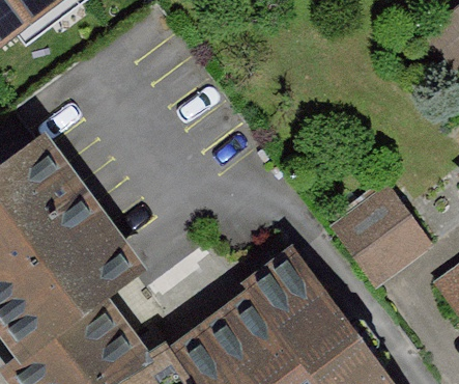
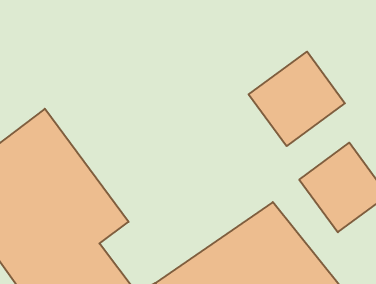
building: none -> [249,52,345,146]

